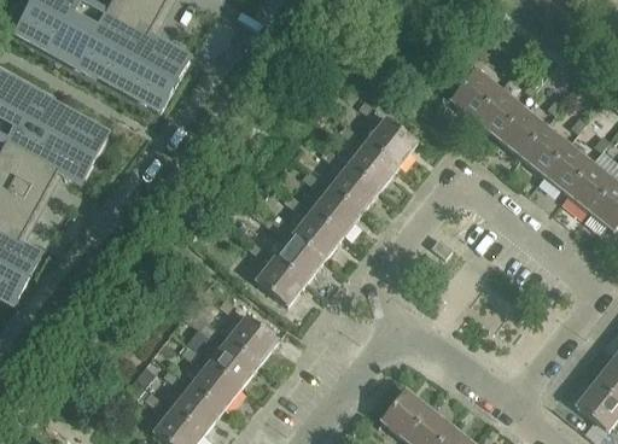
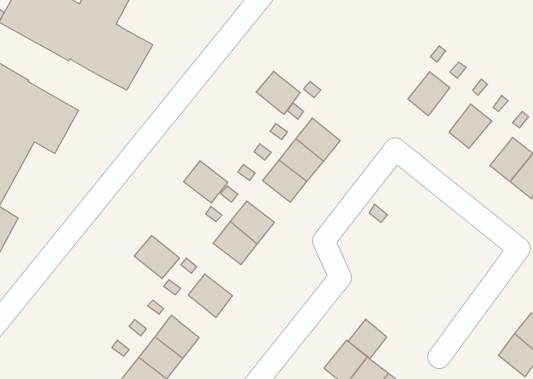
building: [450,69,499,118] -> none
building: [497,106,544,156] -> none
building: [367,117,416,165] -> [256,71,300,114]
building: [543,144,591,193] -> none
building: [293,210,343,257] -> [184,161,228,203]
building: [209,338,260,386] -> [134,236,179,279]
building: none -> [348,319,387,359]

